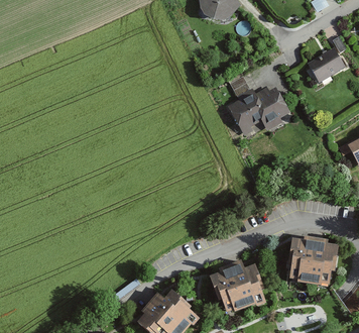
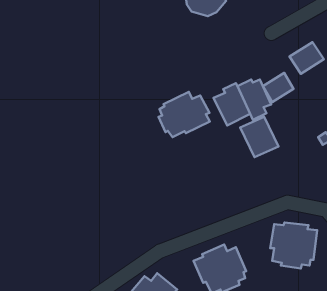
building: none -> [263,73,293,102]
building: none -> [159,92,210,137]
building: none -> [240,117,278,157]

